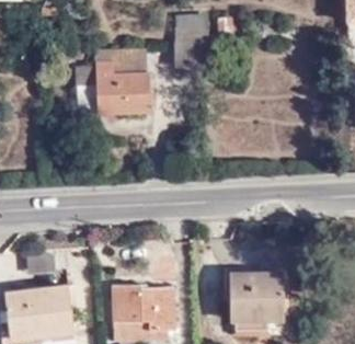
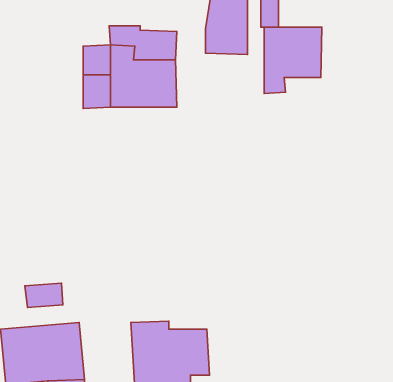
building: none -> [264,27,322,93]
building: [232,274,286,323] -> none

